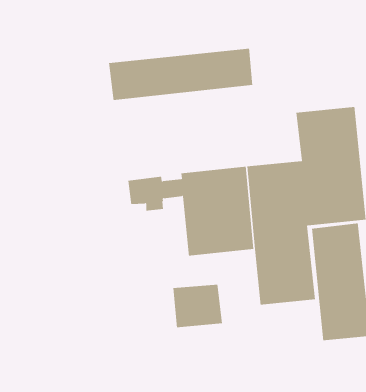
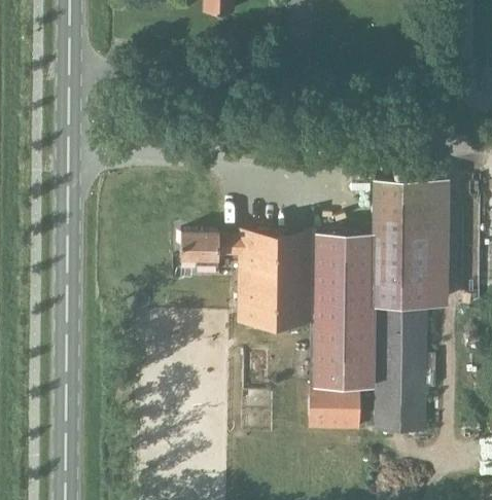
building: [108,48,253,101] -> none
building: [172,284,223,328] -> [311,389,362,434]

